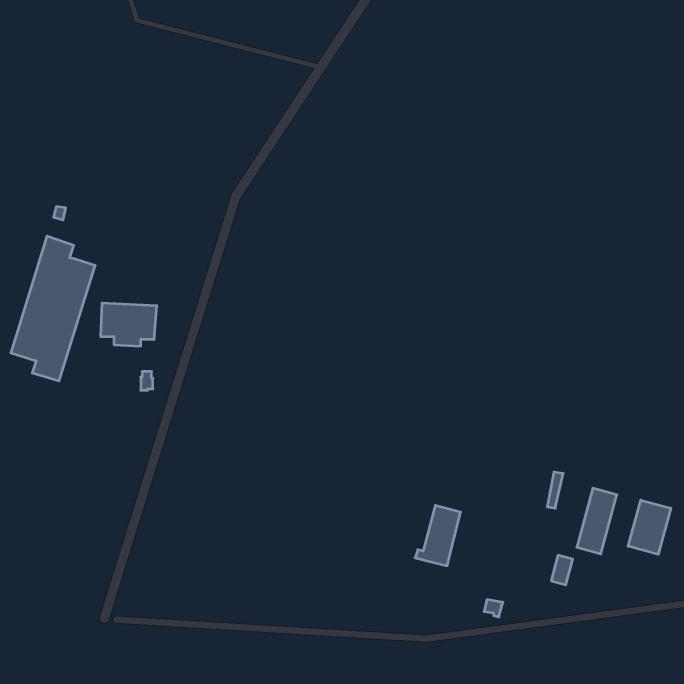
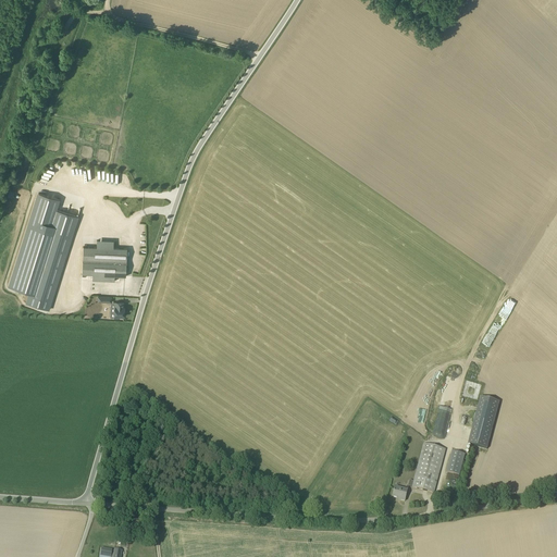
building: [628,500,671,554] -> none
building: [415,505,461,566] -> [409,443,446,492]

